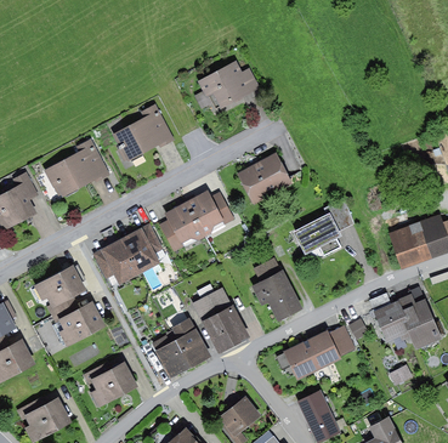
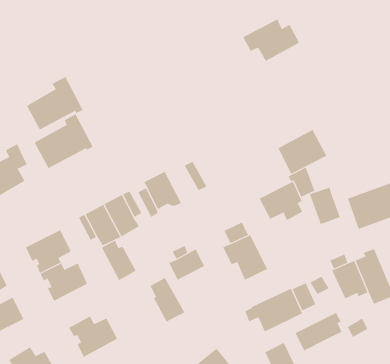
building: [197,59,260,107] -> [242,19,300,62]
building: [112,102,175,161] -> [26,76,84,130]
building: [237,153,291,203] -> [278,129,327,175]
building: [188,191,223,237] -> none
building: none -> [309,187,341,225]
building: [202,306,250,354] -> none
building: [151,334,189,379] -> [101,240,136,281]
building: none -> [295,312,342,351]

